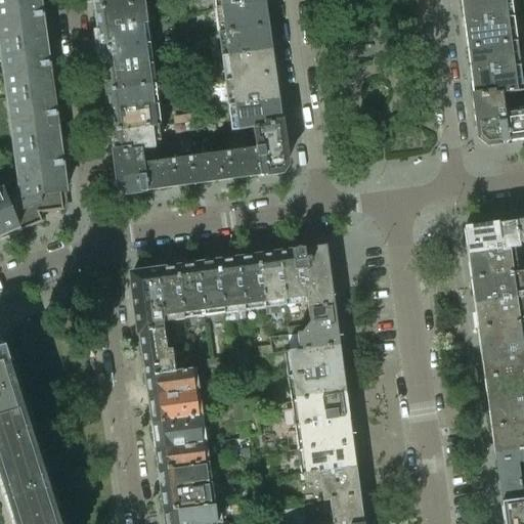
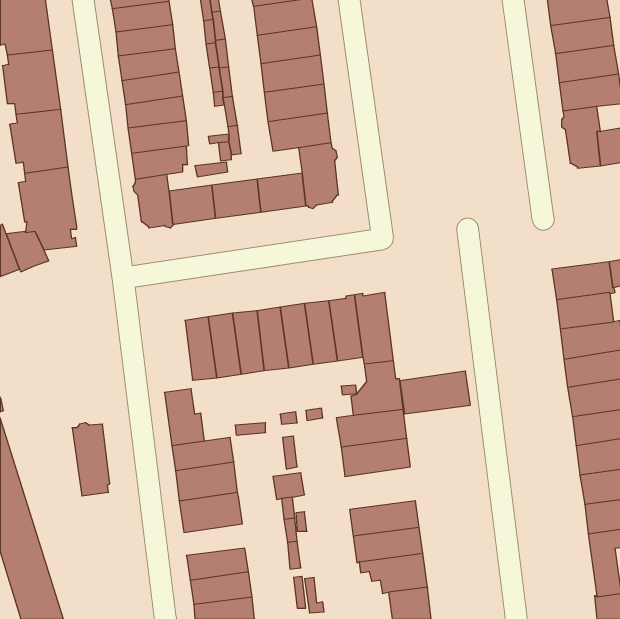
building: [132,268,164,330] -> [72,423,110,496]
building: [292,392,351,428] -> [400,371,470,414]
building: [157,440,208,467] -> none

